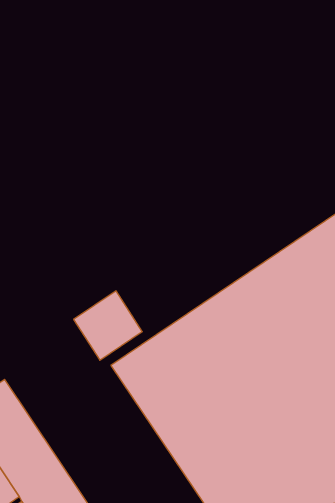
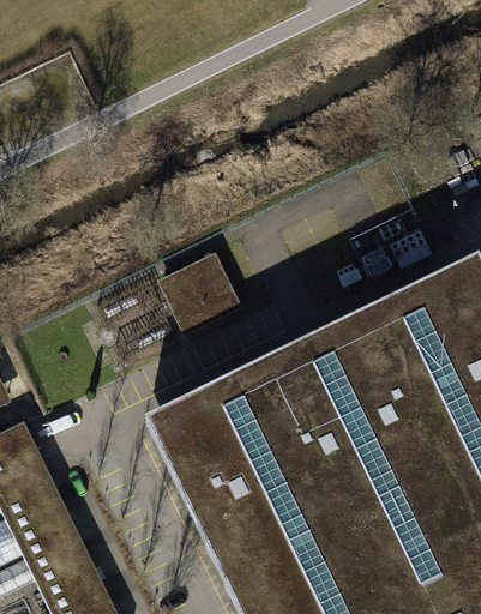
building: [74,291,142,360] -> [163,257,238,331]

